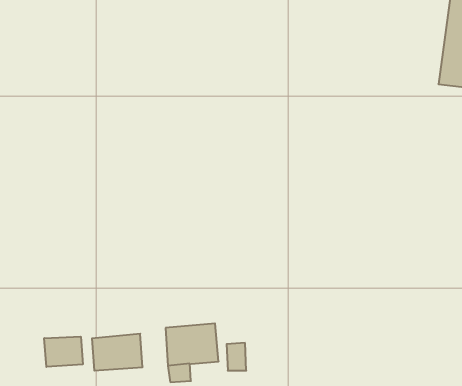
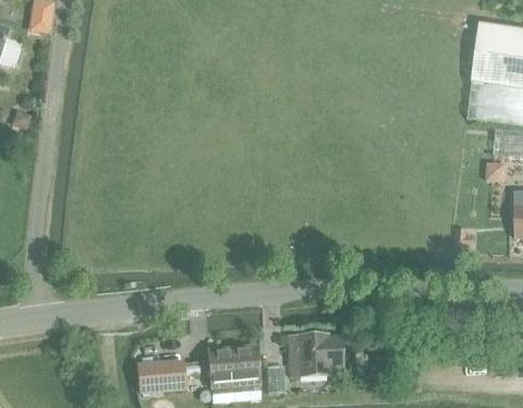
building: none -> [288,334,341,375]
building: [44,337,83,367] -> none

